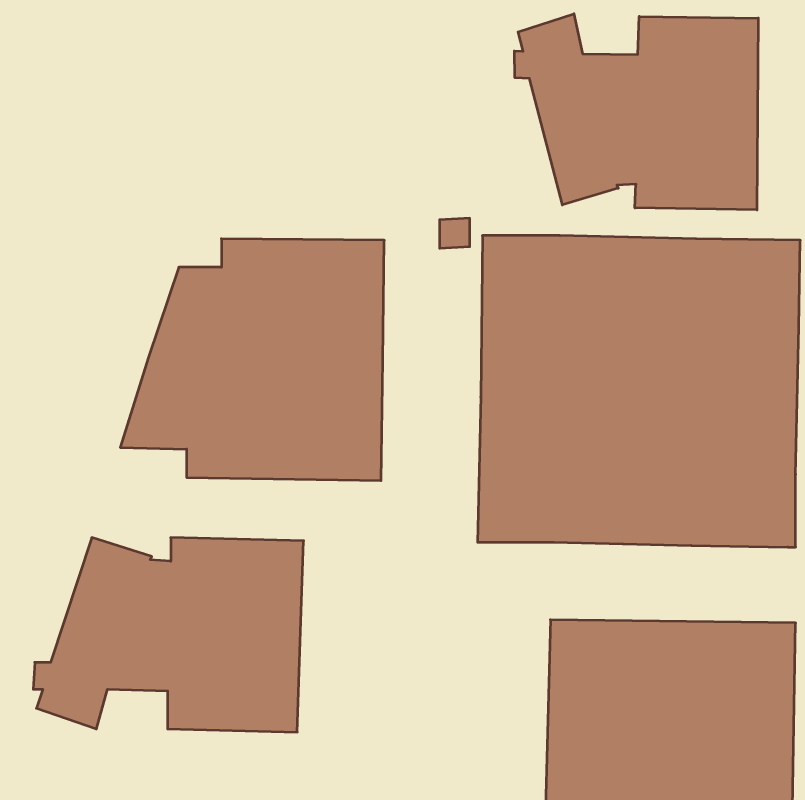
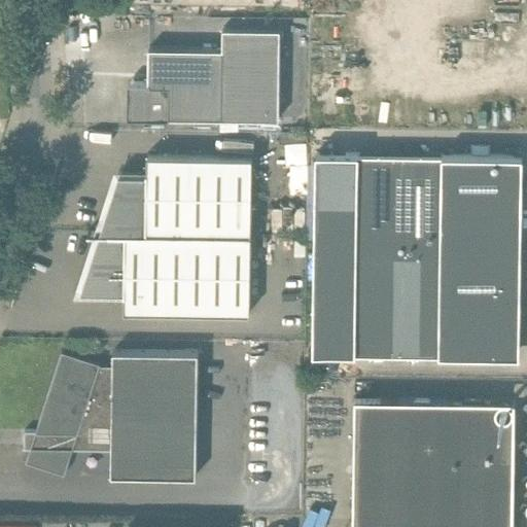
building: [514,14,758,210] -> none
building: none -> [126,34,278,125]

